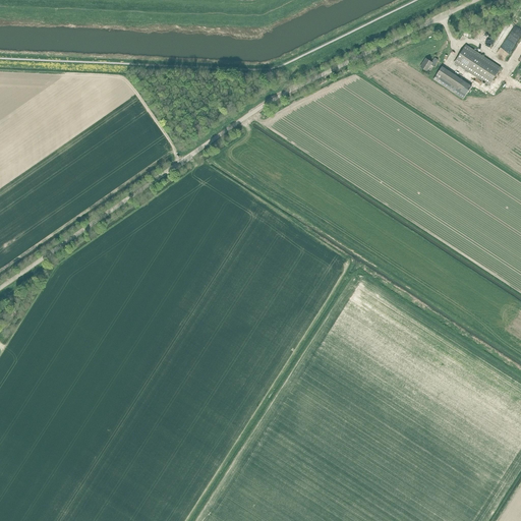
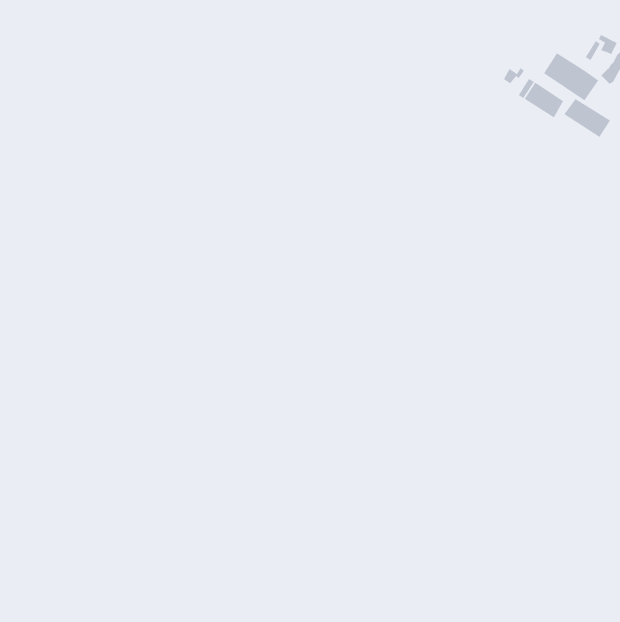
building: none -> [564,98,611,138]

